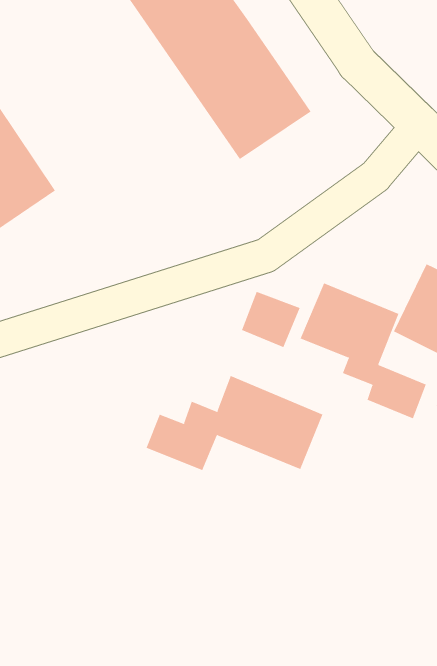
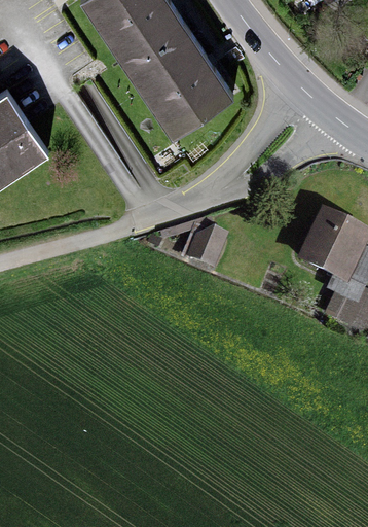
building: [300,282,426,419] -> none
building: [146,375,323,471] -> none

